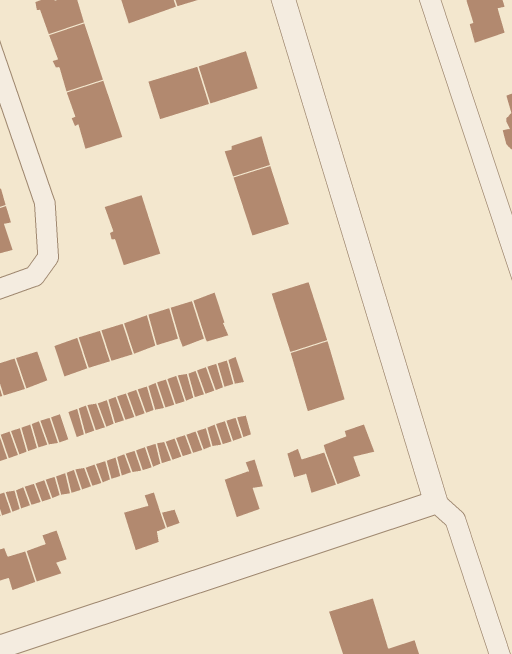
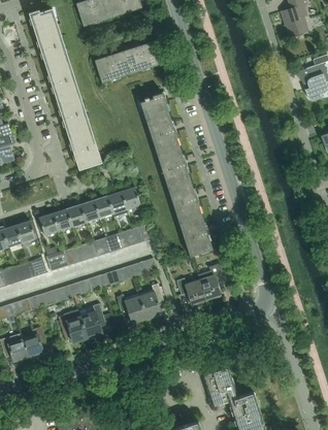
building: none -> [57,93,91,134]
building: none -> [156,144,190,186]
building: none -> [116,295,146,323]
building: none -> [57,309,87,342]

